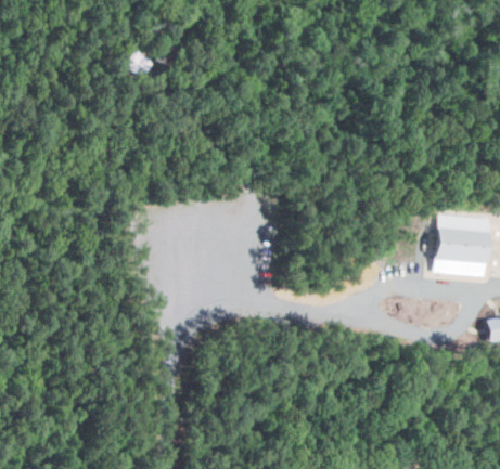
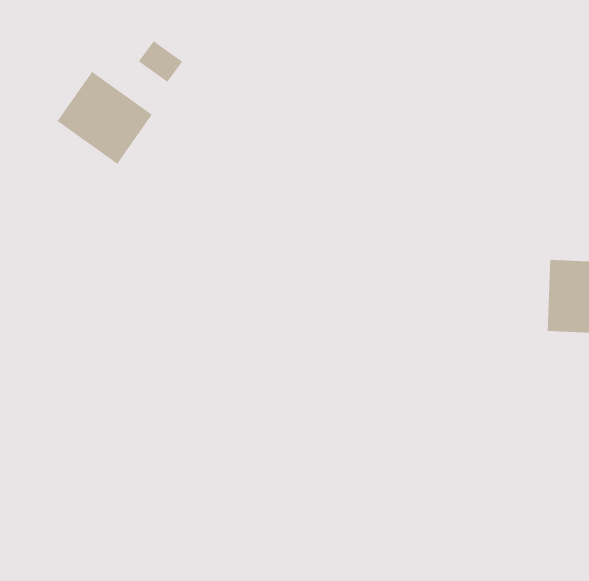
building: none -> [56,71,153,165]

